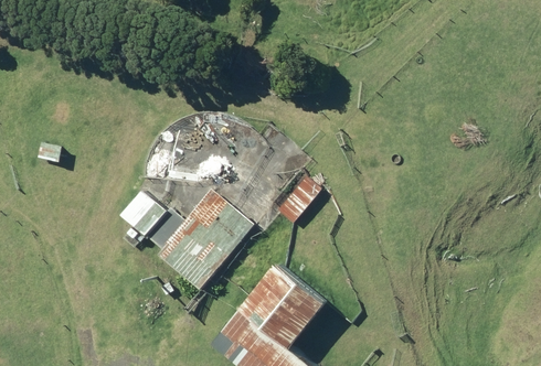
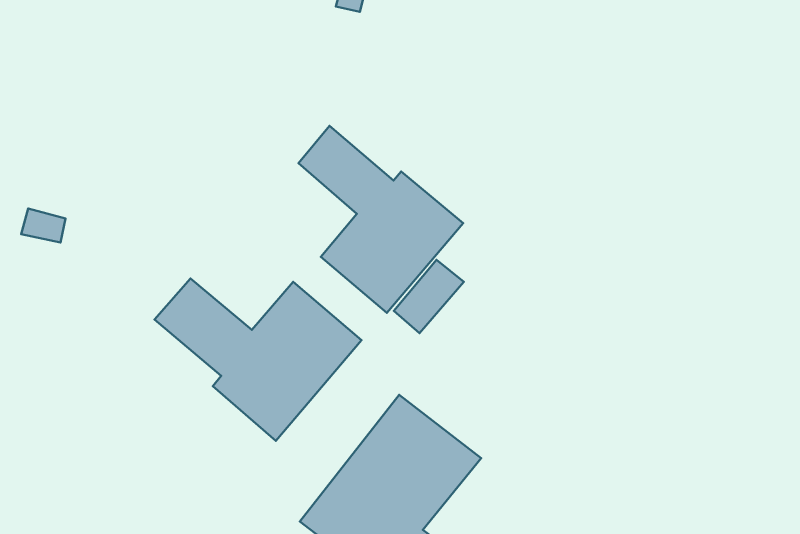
building: none -> [299,126,463,313]

